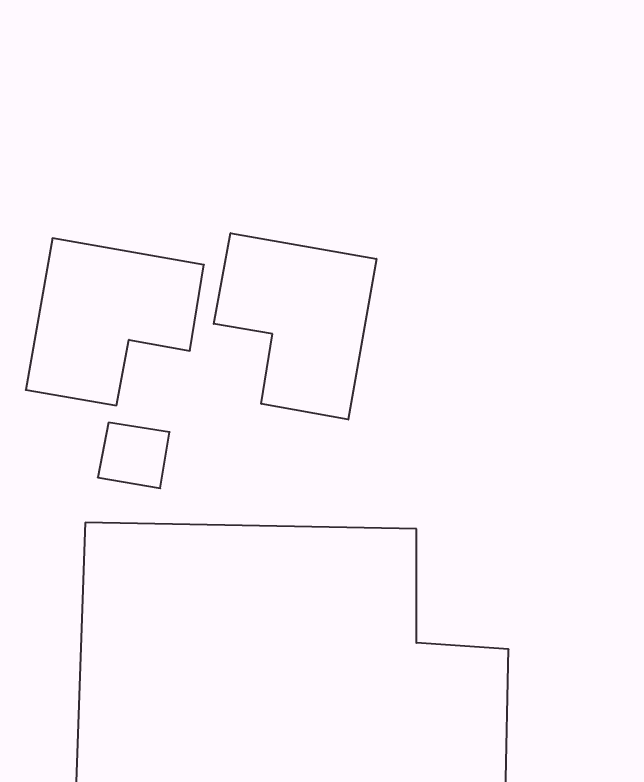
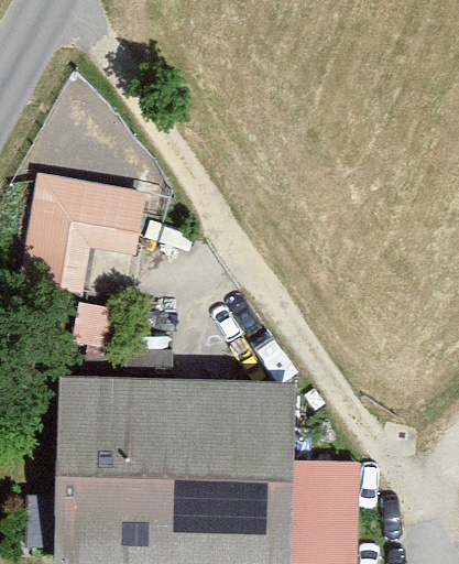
building: [214,233,376,420] -> none

